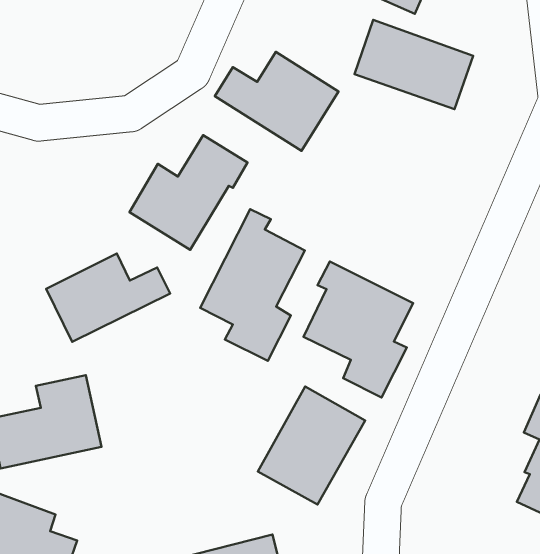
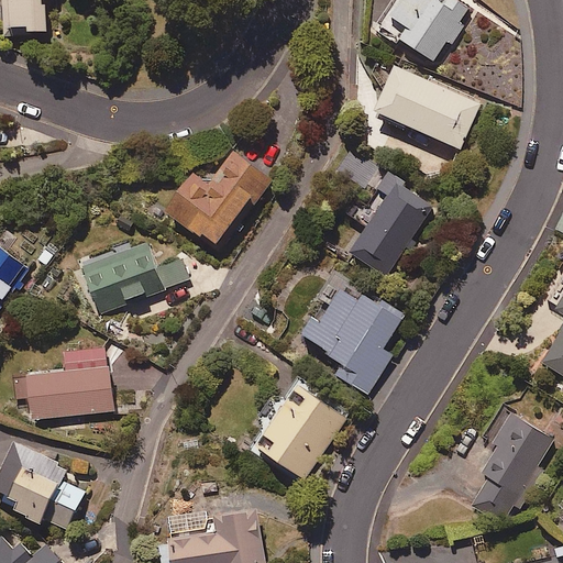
building: [215,52,338,151] -> none
building: none -> [346,173,434,278]
building: [200,209,305,361] -> none

